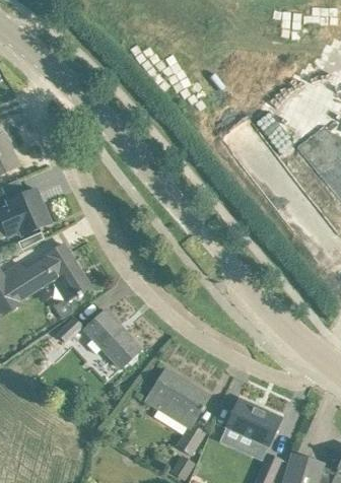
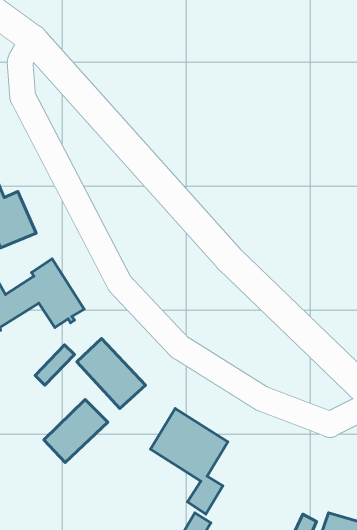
building: none -> [44,400,108,462]
building: [222,403,279,452] -> none

